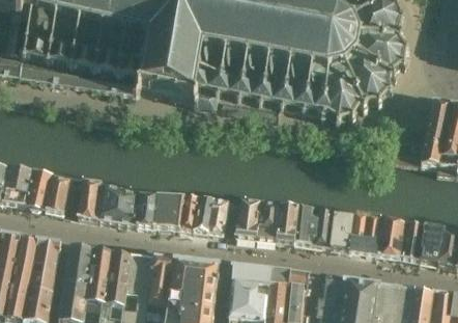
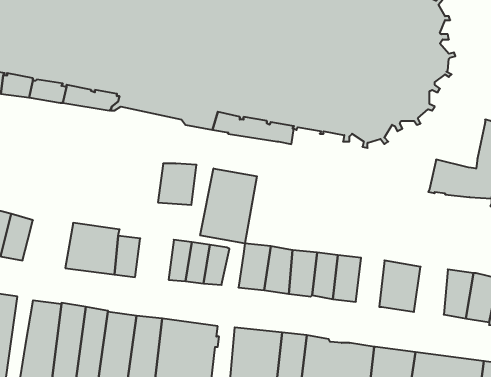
building: none -> [200,168,257,244]
building: [78,181,103,219] -> none
building: [152,195,183,228] -> [158,164,197,205]
building: [330,211,352,250] -> none
building: [376,218,403,257] -> none

